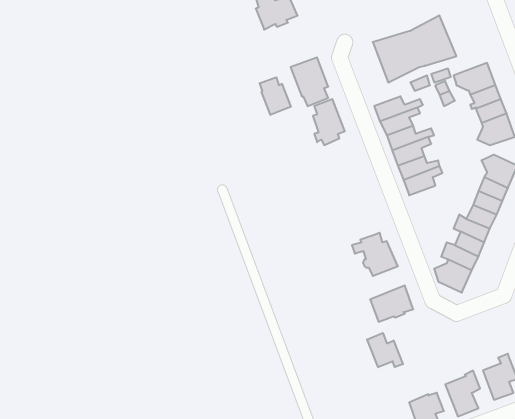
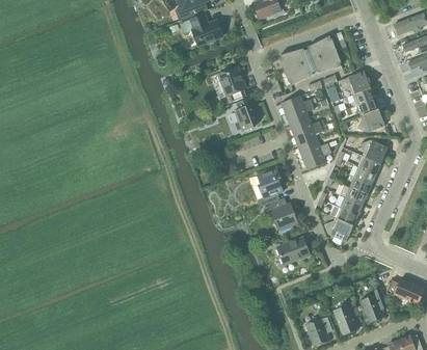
building: [260,77,291,115] -> none
building: none -> [257,167,283,207]
building: [367,333,403,367] -> none

